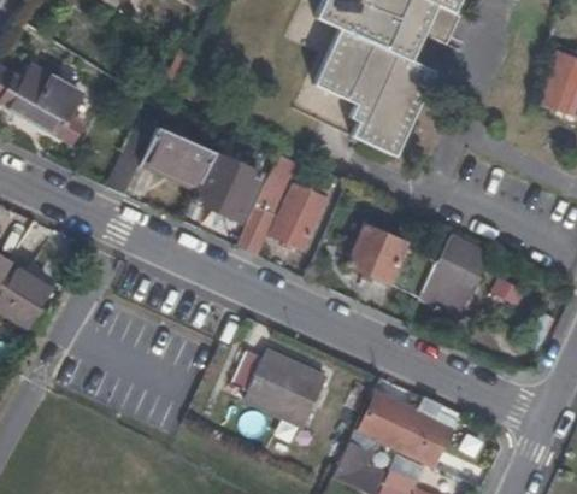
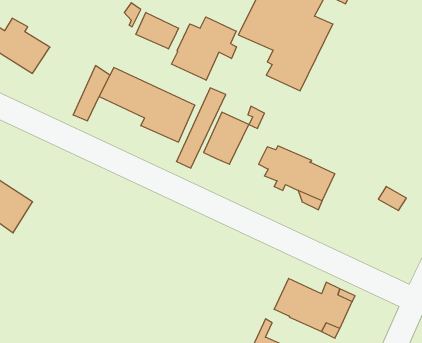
building: none -> [136,12,178,49]
building: none -> [171,17,236,80]
building: [431,237,487,306] -> none
building: [234,351,330,428] -> none

